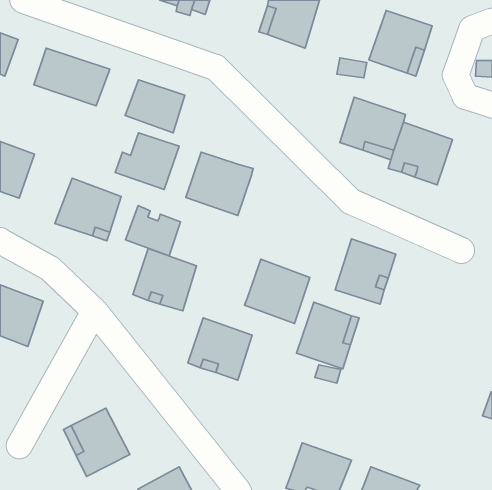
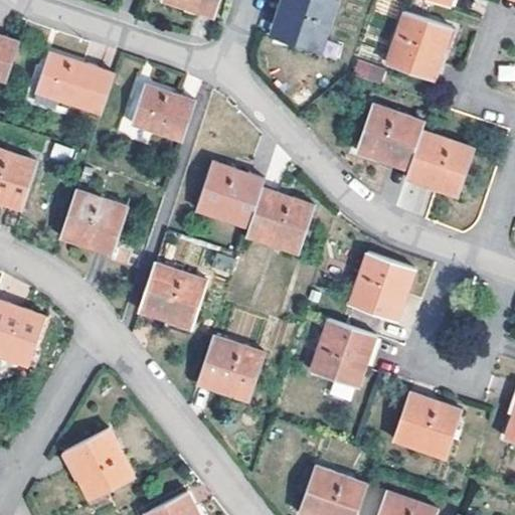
building: [115,133,179,189] -> none
building: [126,206,181,256] -> none
building: [244,259,310,324] -> [245,186,314,253]
building: none -> [390,388,460,455]

